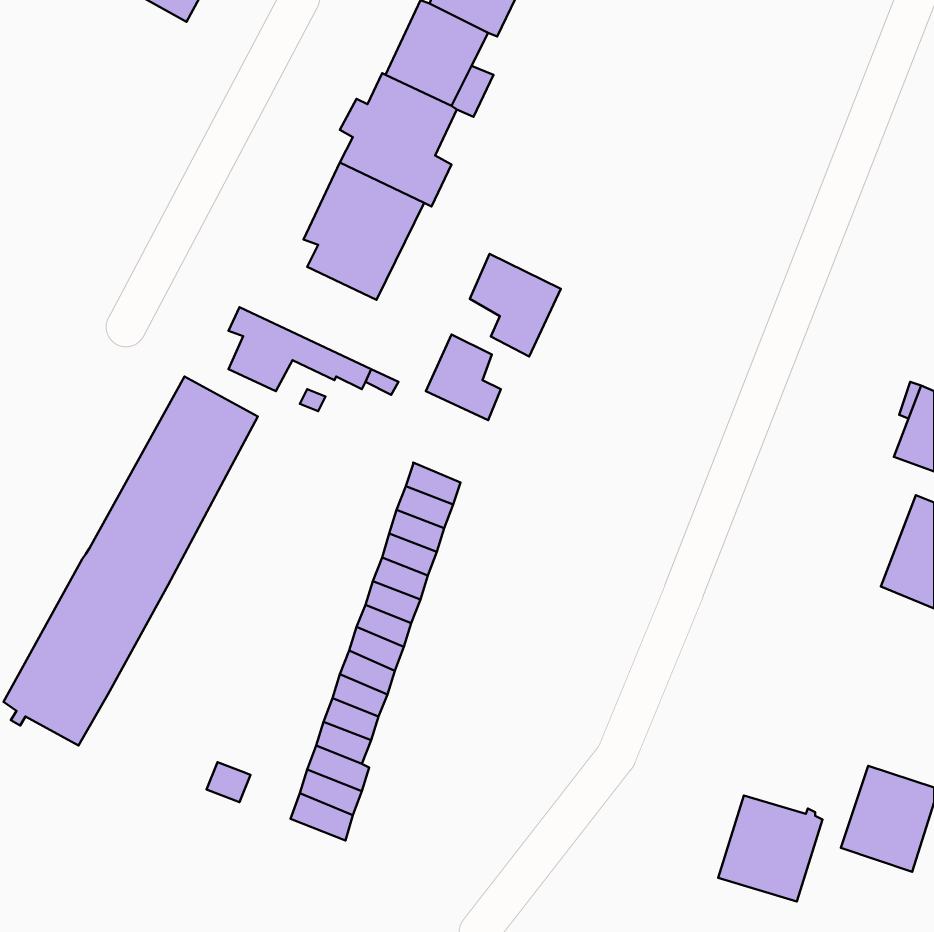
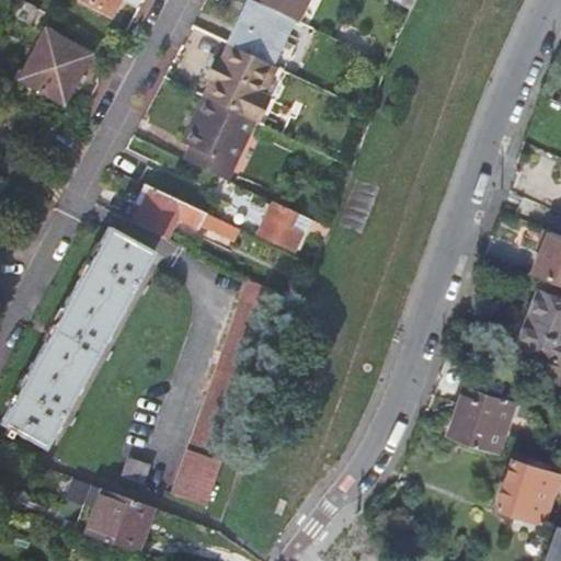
building: none -> [21,31,93,103]
building: [470,254,561,356] -> none
building: [718,796,822,902] -> [454,391,516,455]
building: none -> [68,488,154,551]

